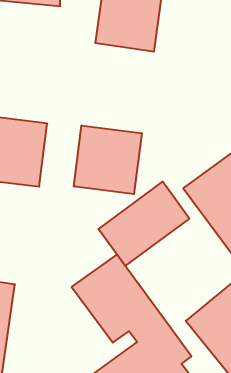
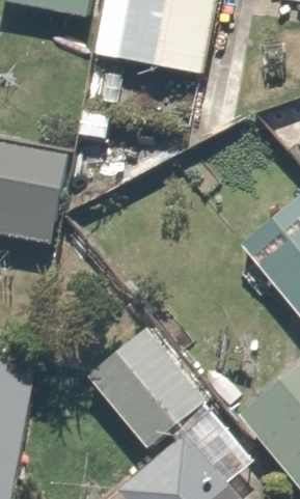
building: [74,125,142,194] -> none
building: [98,182,189,266] -> none

